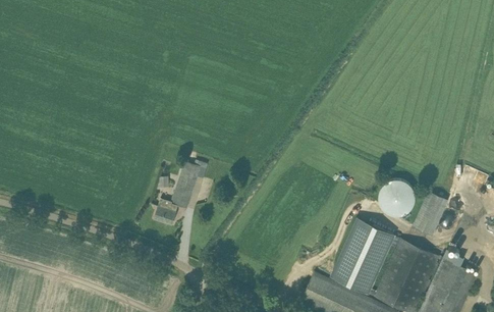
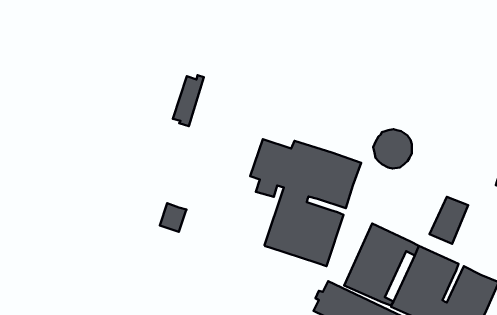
building: none -> [250,139,361,266]
building: [171,160,201,209] -> [173,75,204,126]
building: [377,178,414,216] -> [373,129,412,169]

